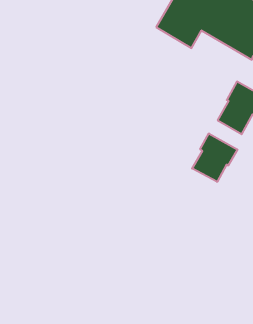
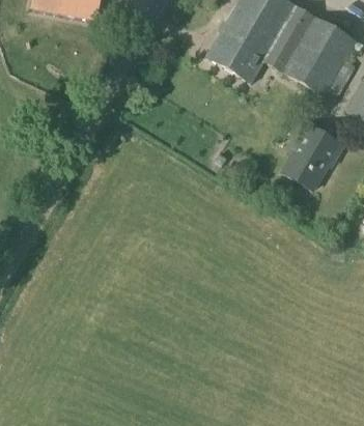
building: [192,133,237,182] -> none

